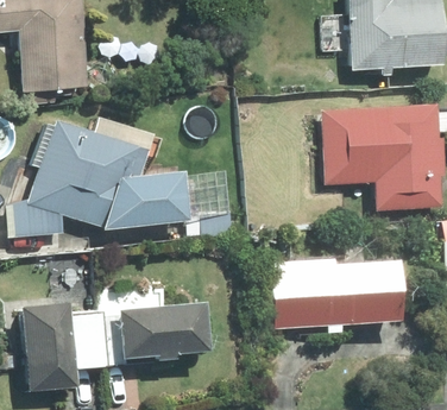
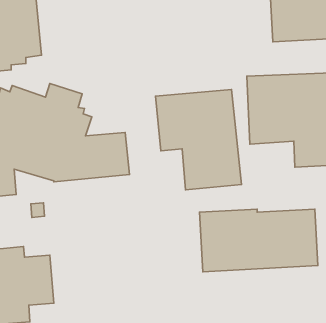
building: none -> [156,89,241,190]
building: [101,303,207,366] -> none

